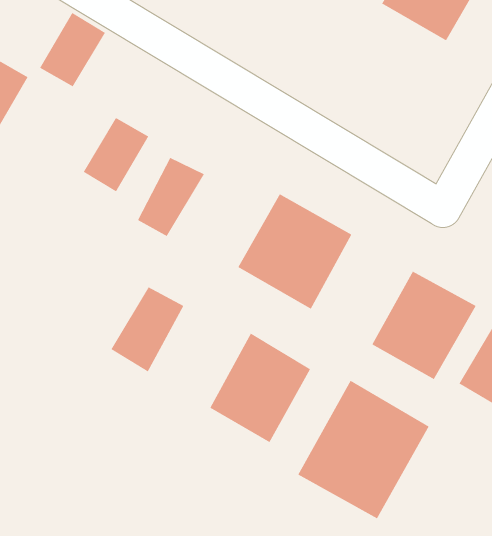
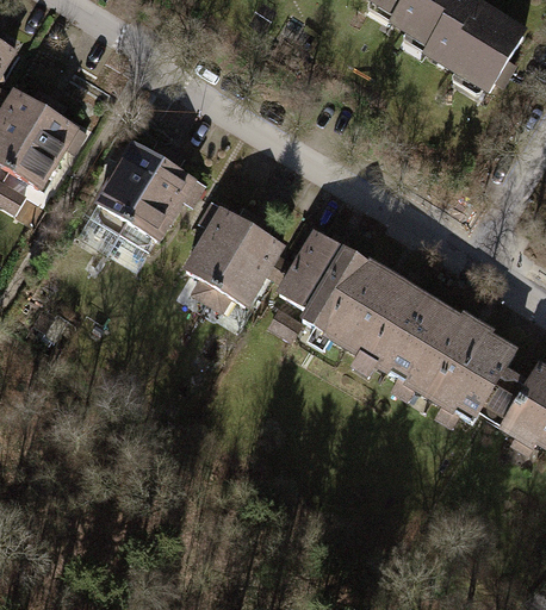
building: [39,12,106,87] -> [98,143,163,217]
building: [111,286,184,372] -> [215,219,287,304]
building: [209,333,311,443] -> [356,279,457,387]
building: [298,380,429,519] -> none

